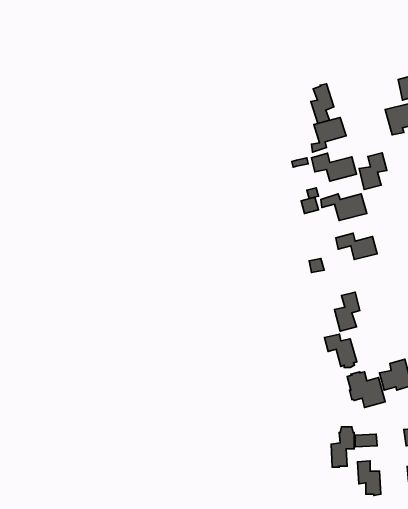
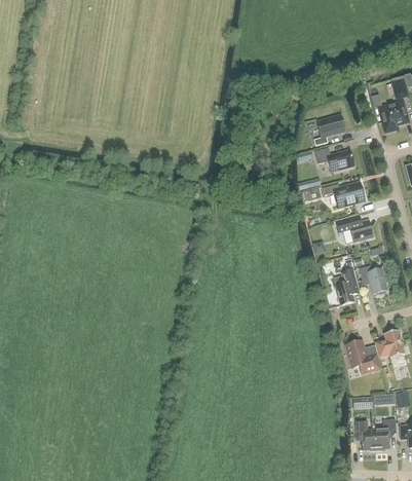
building: [311,84,334,123] -> none
building: [359,153,387,189] -> none
building: [325,334,357,368] -> [359,264,387,294]
building: [331,427,354,467] -> [375,413,396,449]

